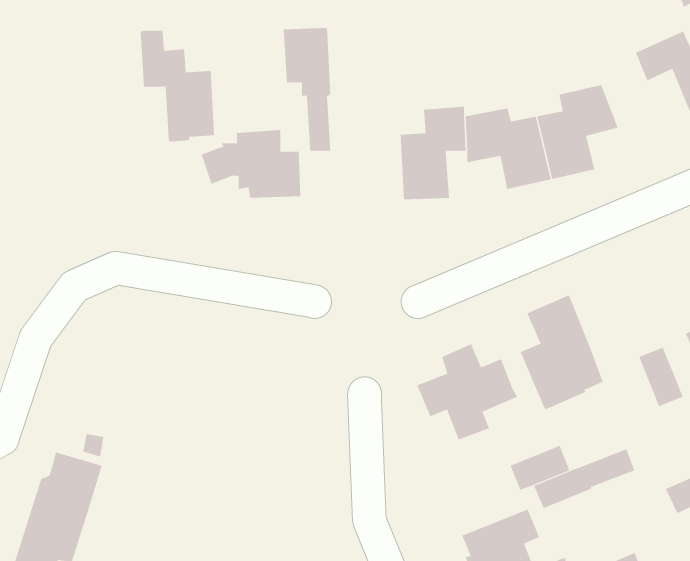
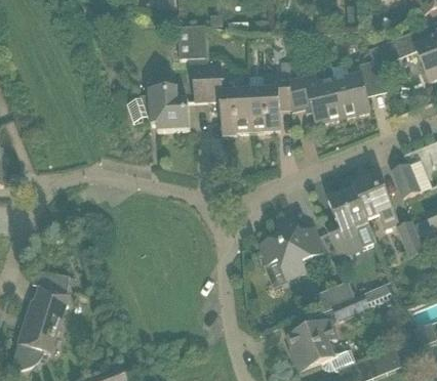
building: [140,30,215,142] -> [206,66,252,134]
building: none -> [392,164,420,198]
building: none -> [353,173,399,226]

